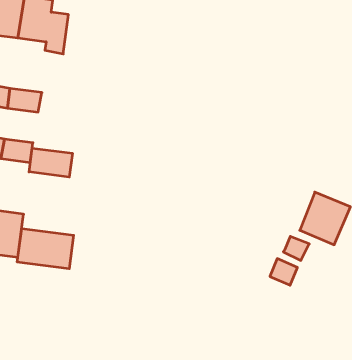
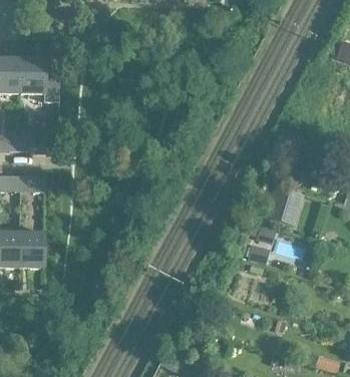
building: [29,148,72,177] -> none
building: [17,229,74,269] -> none

